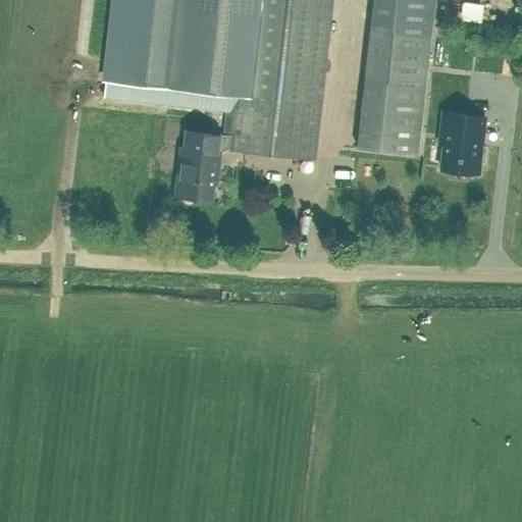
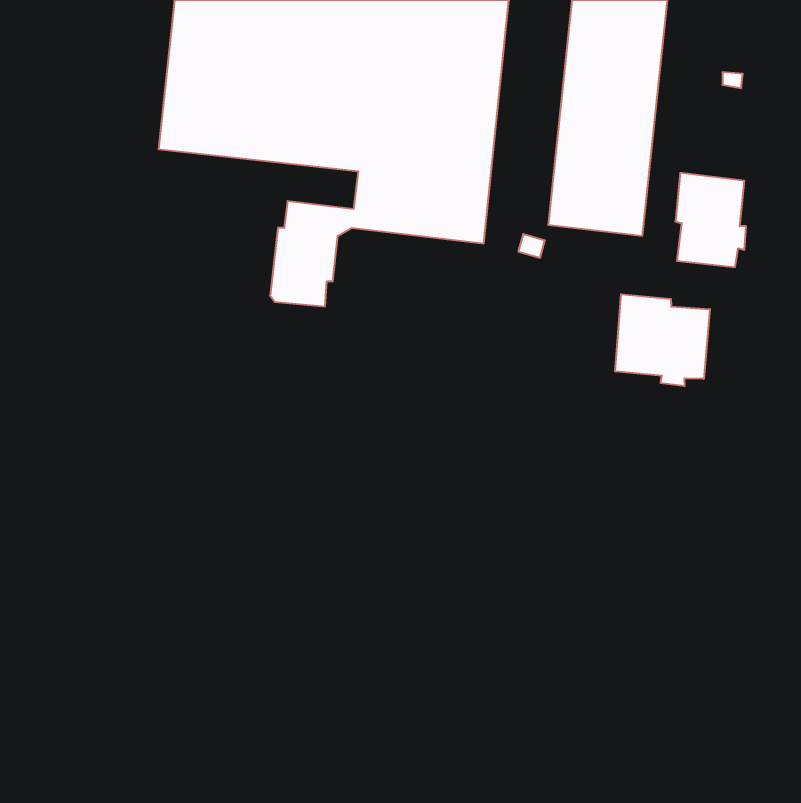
building: none -> [615,294,710,386]

